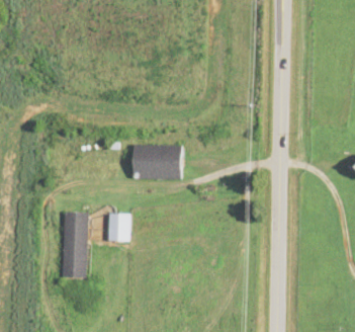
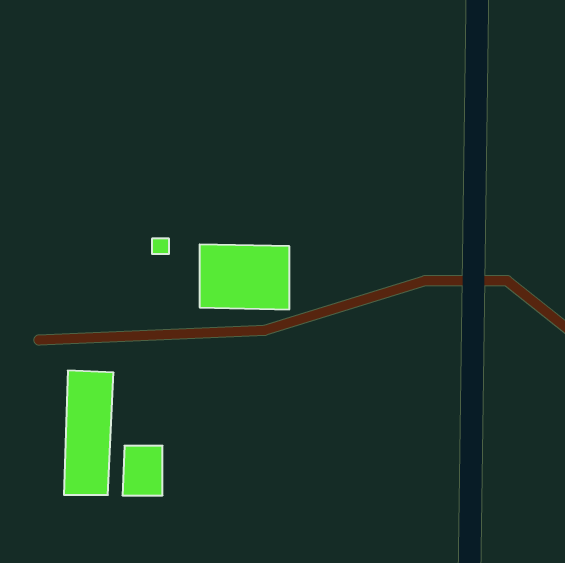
building: [108,214,129,240] -> [122,446,163,495]

